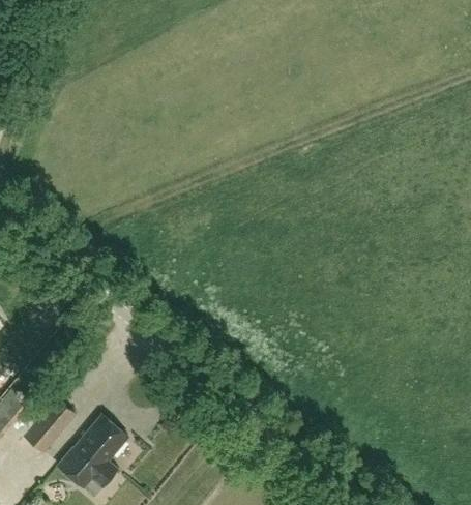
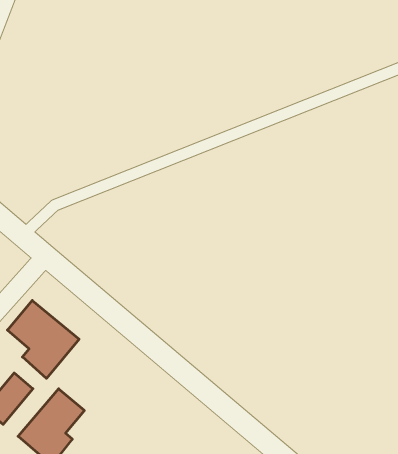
building: none -> [7,300,79,378]

